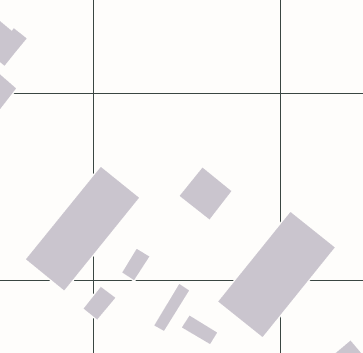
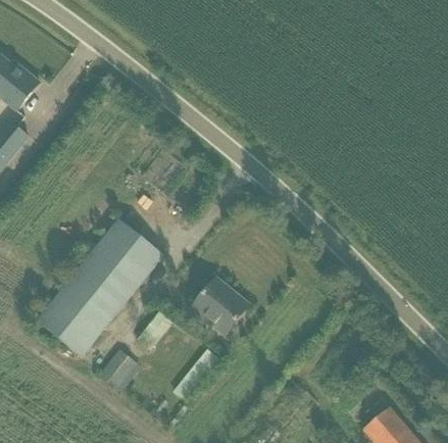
building: [179,167,232,220] -> [190,275,248,333]
building: [217,211,336,338] -> none
building: [181,315,218,345] -> none

